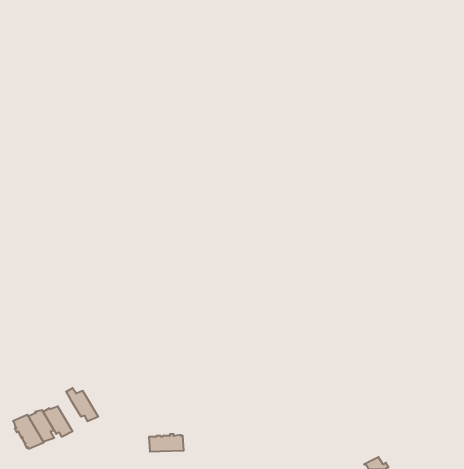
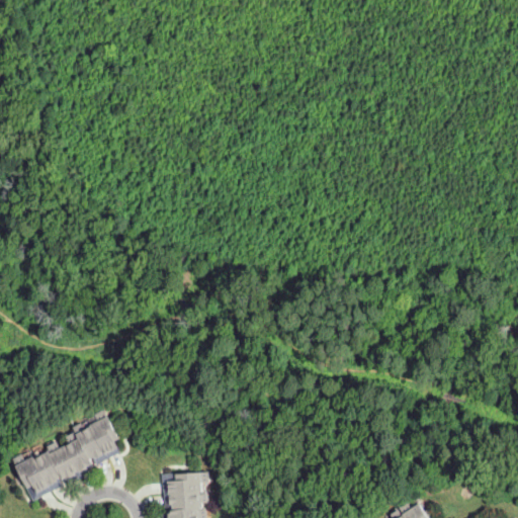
building: none -> [91,422,119,458]
building: none -> [64,440,93,474]
building: none -> [165,496,202,512]

